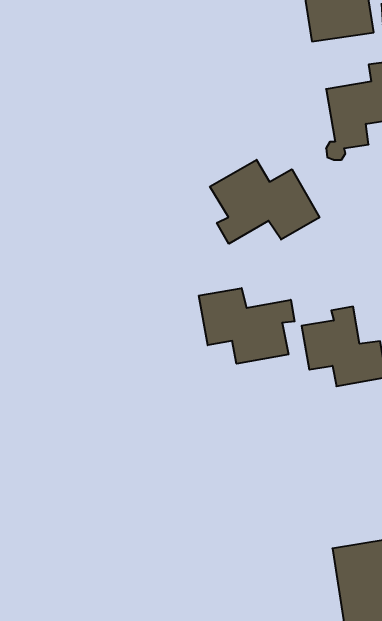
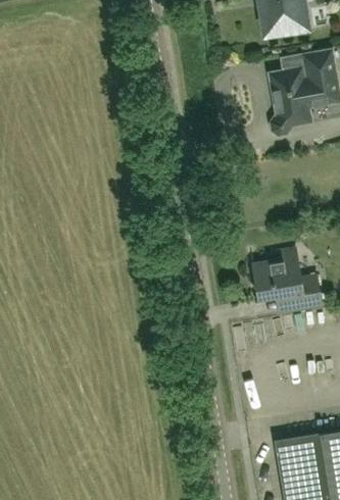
building: [210,160,319,244] -> none
building: [199,288,295,364] -> none

